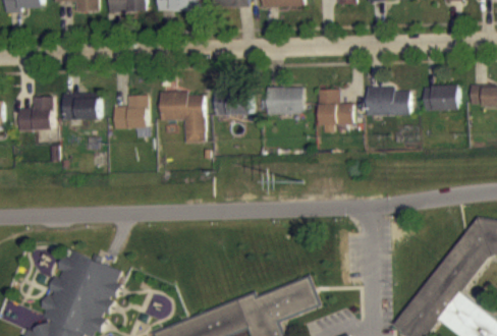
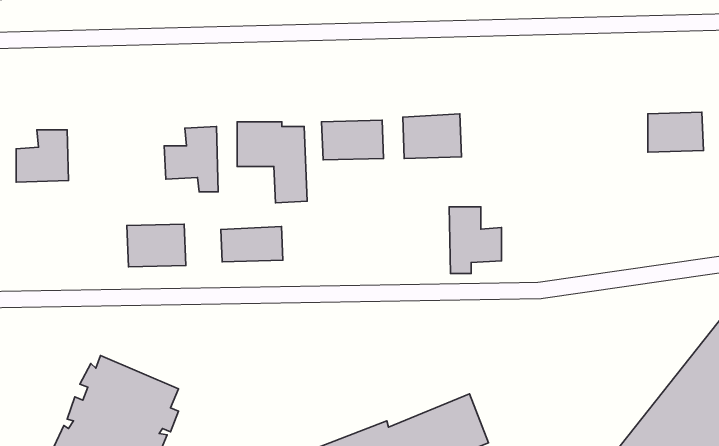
building: [366,90,409,119] -> none
building: [318,93,351,135] -> [449,207,502,274]
building: [62,96,100,123] -> [127,224,186,267]
building: none -> [221,226,283,262]

